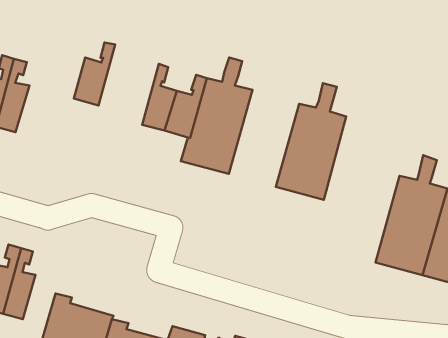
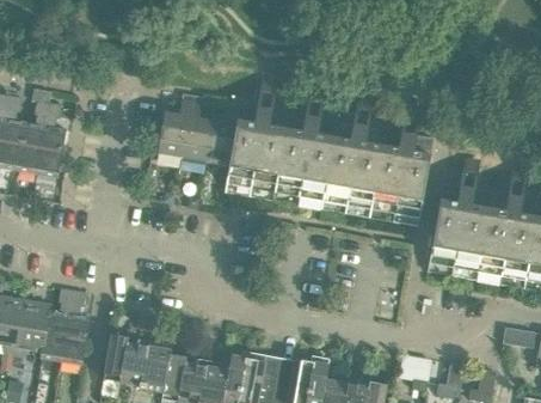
building: [74,42,115,106] -> [158,93,193,157]
building: none -> [273,90,337,206]
building: none -> [370,106,434,224]

